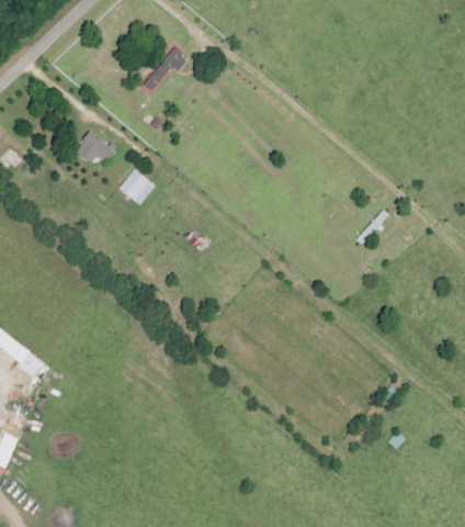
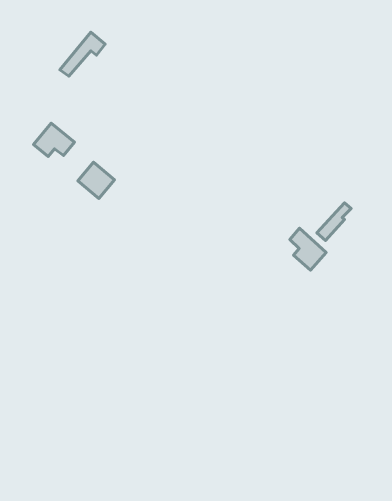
building: [141,48,186,92] -> [60,32,105,76]
building: none -> [290,228,326,270]

